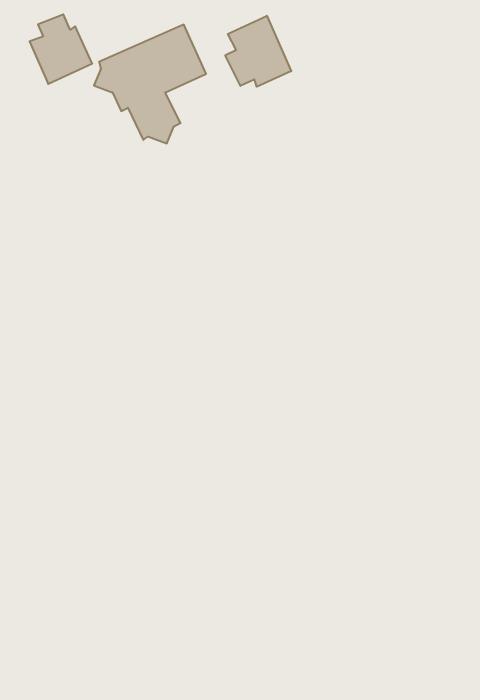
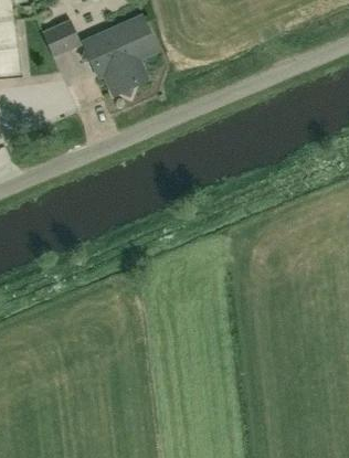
building: [225,16,291,87] -> none

